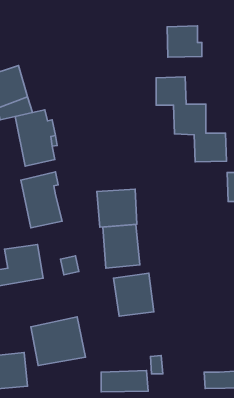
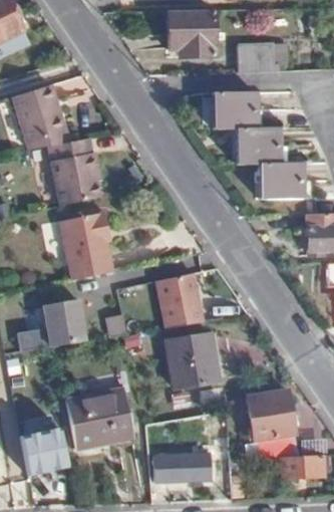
building: none -> [163,11,211,55]
building: [97,189,137,227] -> none
building: none -> [246,391,297,457]

